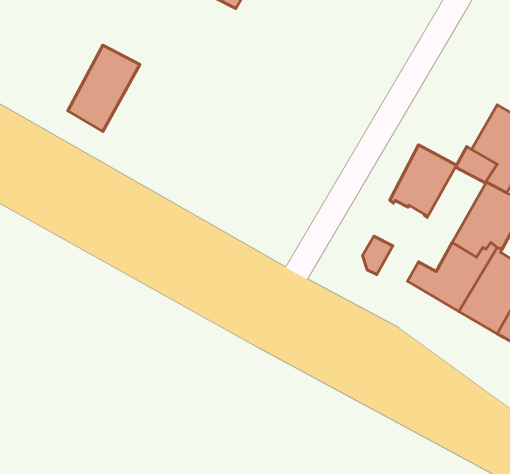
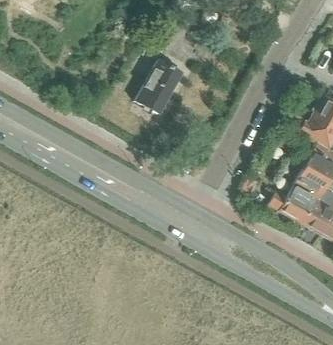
building: [68,45,140,132] -> [135,59,180,113]
building: [390,145,457,217] -> none

